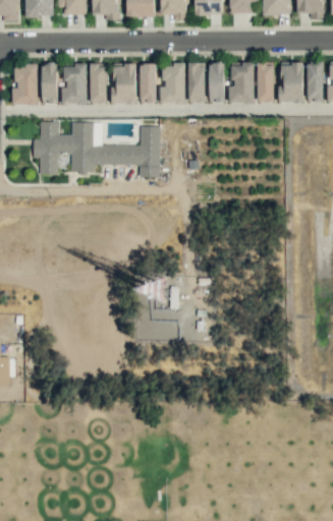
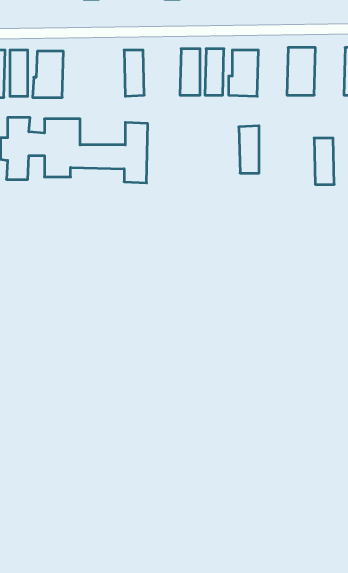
building: [257,61,274,102] -> [239,126,259,173]
building: [307,61,324,101] -> [314,138,334,184]
building: [161,62,185,103] -> none
building: [112,63,136,103] -> none
building: [90,64,107,103] -> none

